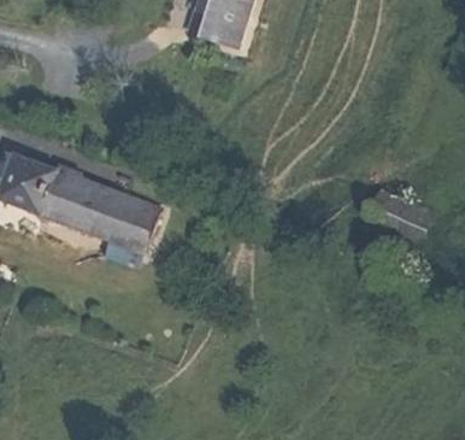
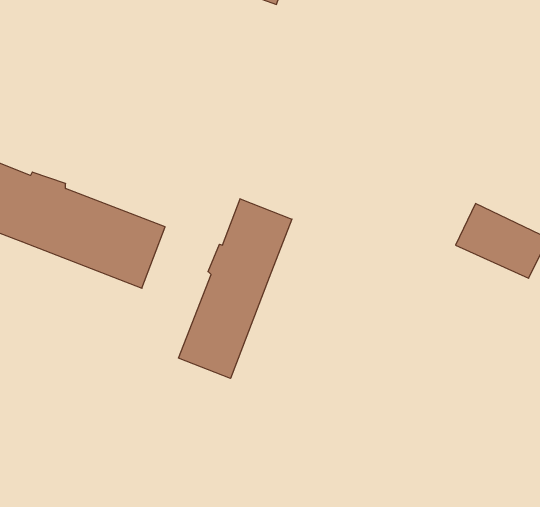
building: none -> [179,199,292,378]

